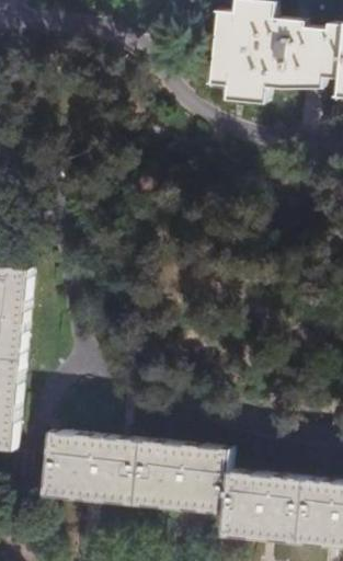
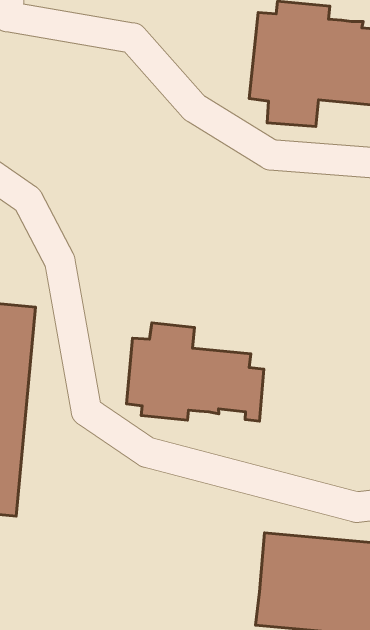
building: none -> [126,323,264,421]
building: [41,431,229,510] -> none

